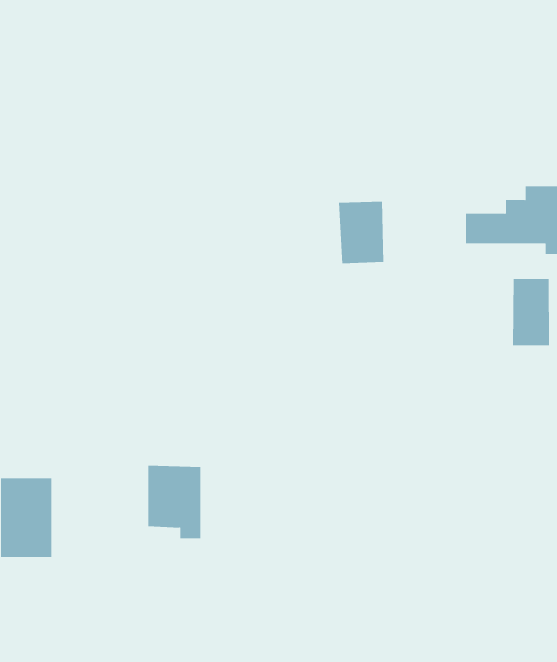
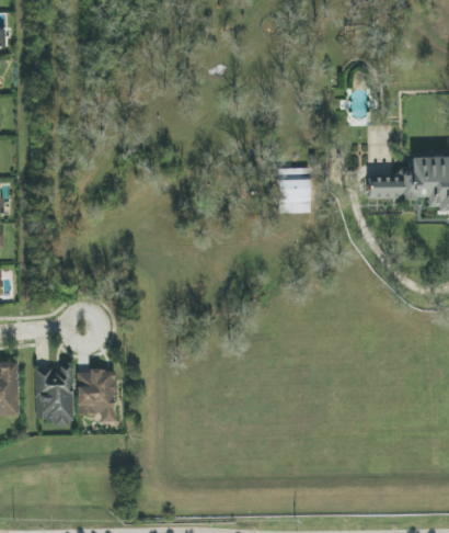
building: [512,278,550,346] -> none
building: [147,465,201,539] -> [77,370,115,422]

